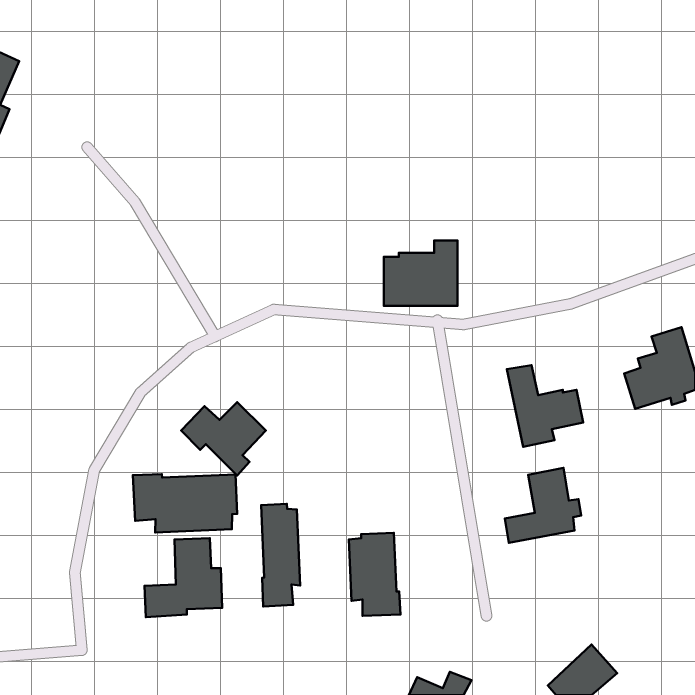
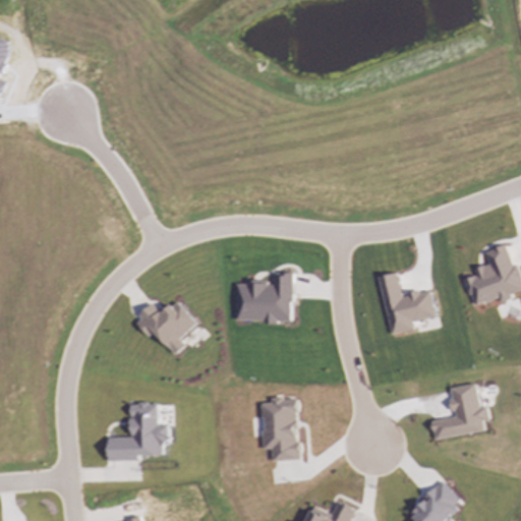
building: [384,240,457,306] -> [237,272,292,321]
building: [505,468,581,543] -> [430,383,487,439]
building: [133,474,237,532] -> none
building: [261,504,300,607] -> none

